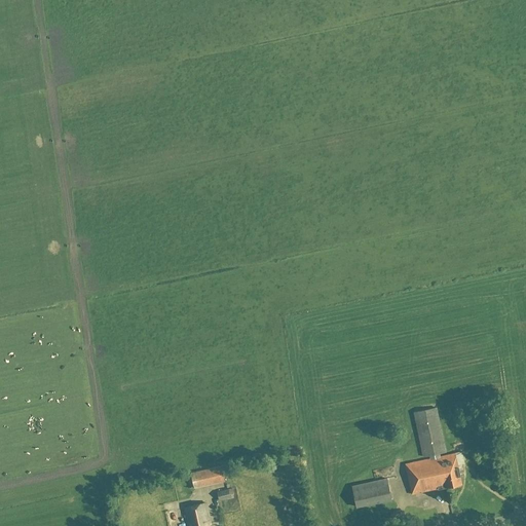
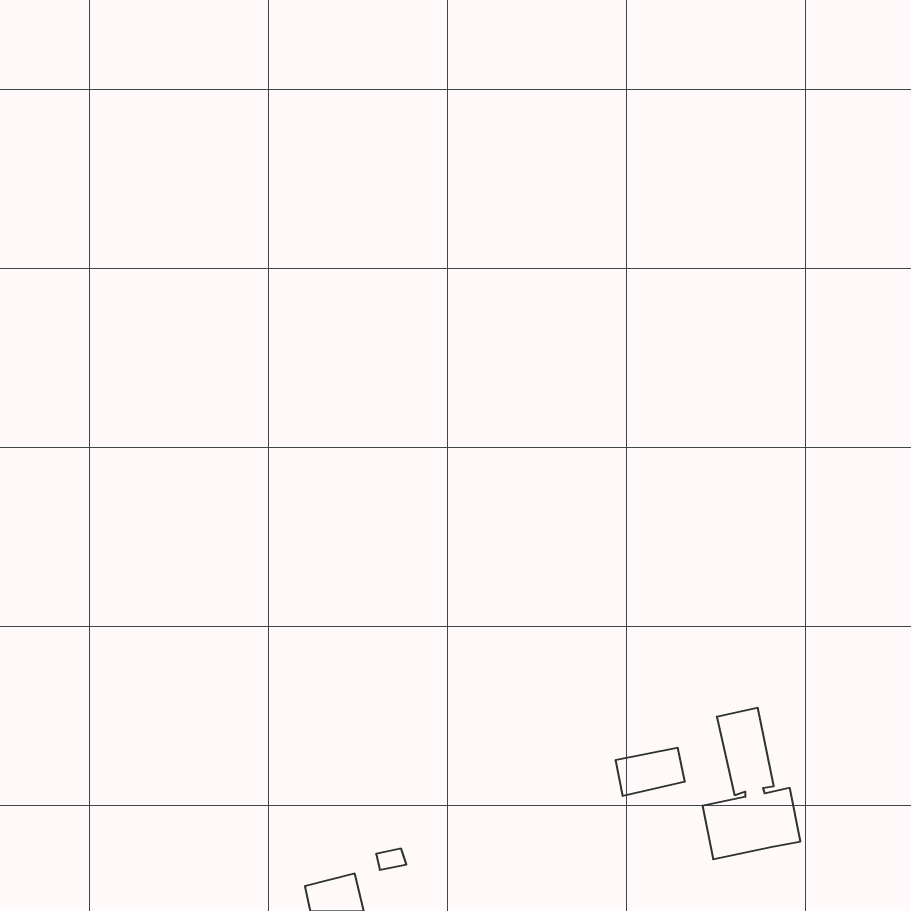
building: [190,465,225,489] -> none
building: [351,480,391,508] -> [615,748,685,796]

